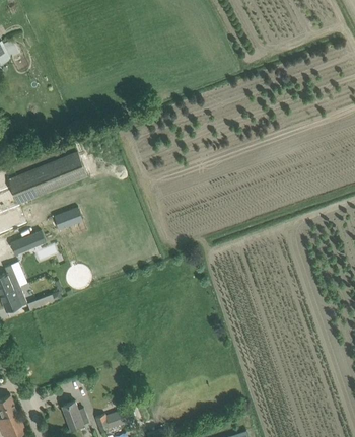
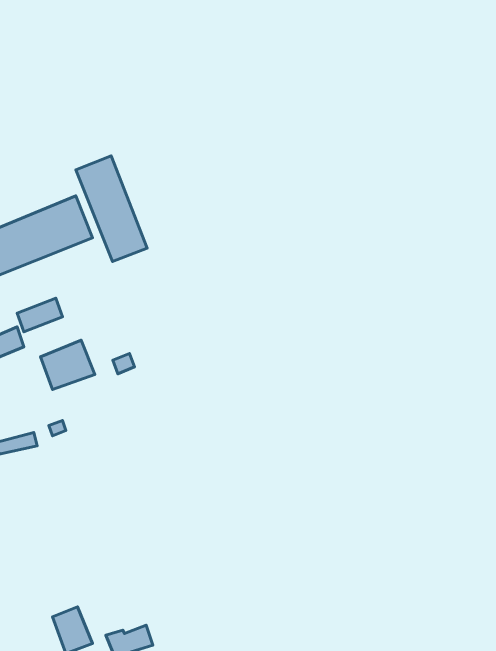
building: none -> [76,156,147,261]
building: none -> [40,340,95,389]

